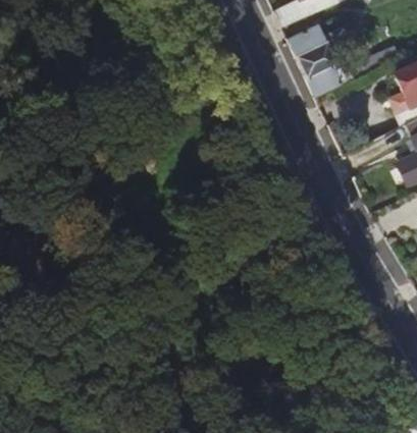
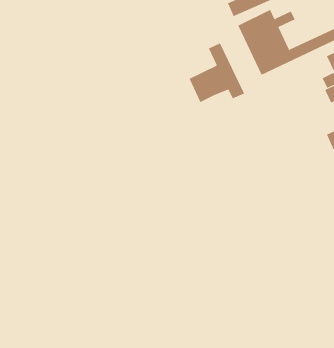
building: none -> [189,42,245,103]

